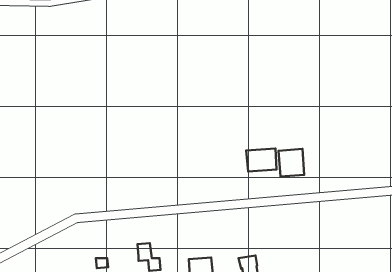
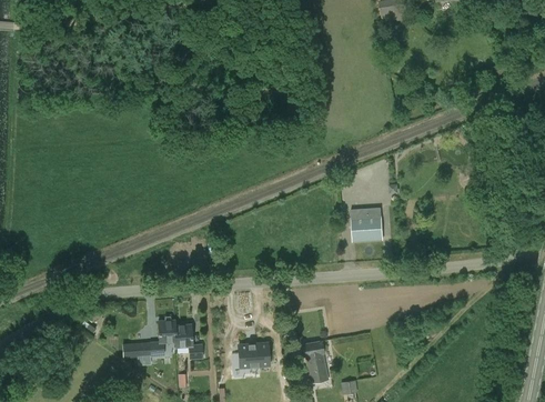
building: [246,148,276,171] -> none
building: none -> [149,321,175,356]

